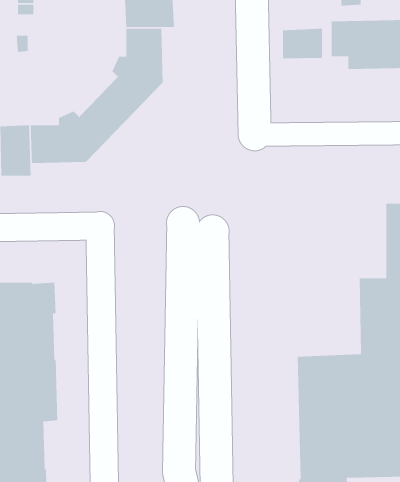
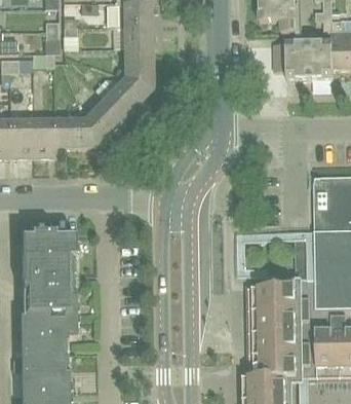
building: [282,28,323,59] -> none

